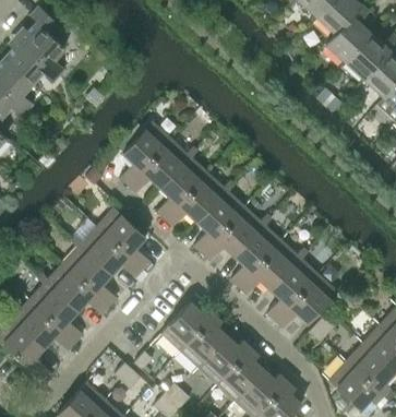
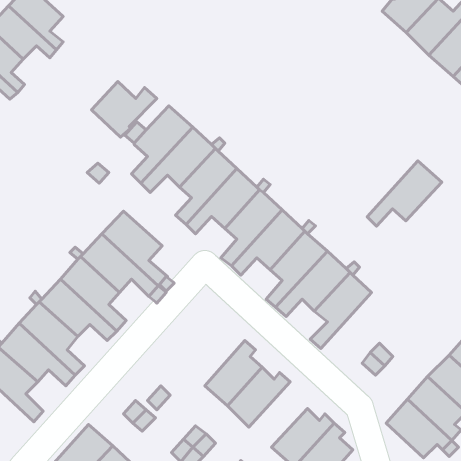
building: none -> [91,82,157,137]
building: [275,274,336,327] -> [367,161,442,226]
building: [160,301,213,350] -> none
building: [216,347,264,401] -> none

